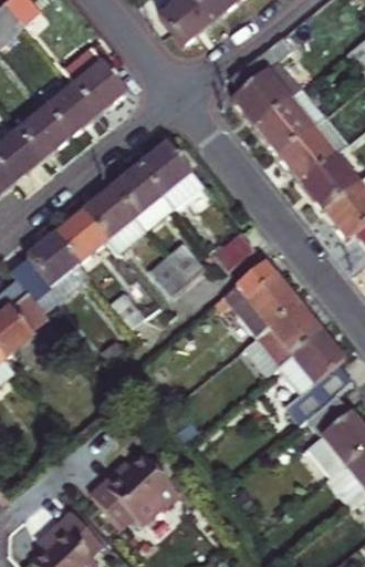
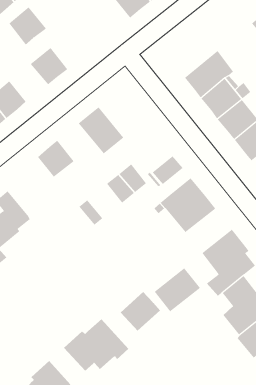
building: [230,35,301,126] -> none
building: [74,61,126,114] -> [8,6,47,45]
building: [18,107,70,158] -> none
building: [139,142,201,207] -> none
building: [83,188,145,252] -> none
building: [10,234,88,312] -> none
building: [257,303,321,364] -> [154,267,201,312]
building: none -> [120,291,161,332]

